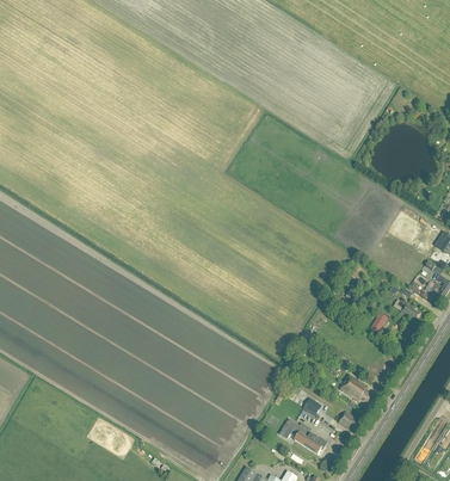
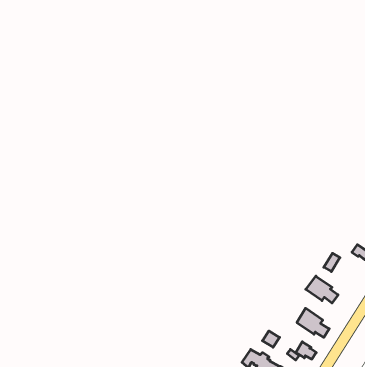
building: none -> [306,276,338,303]

